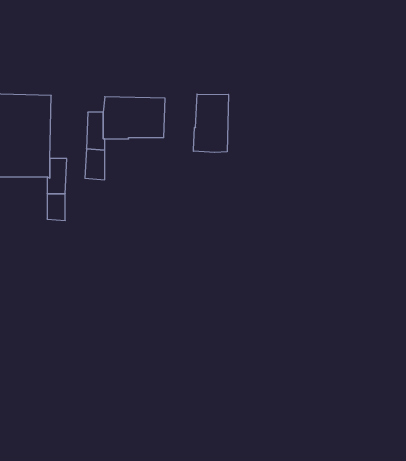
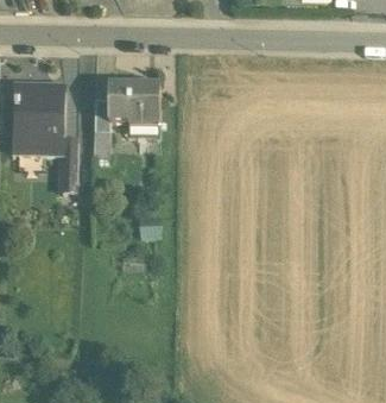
building: [193,94,228,152] -> none

